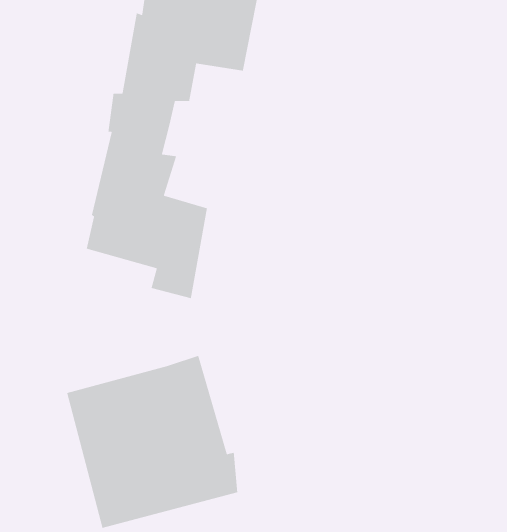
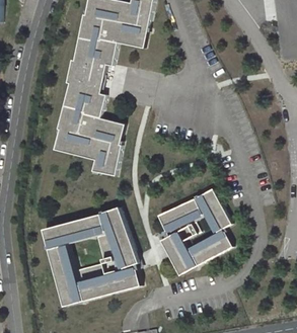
building: none -> [155,187,231,275]

